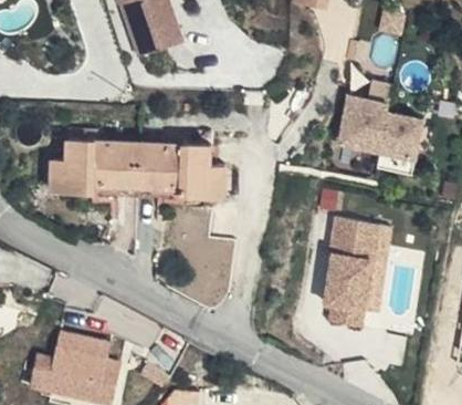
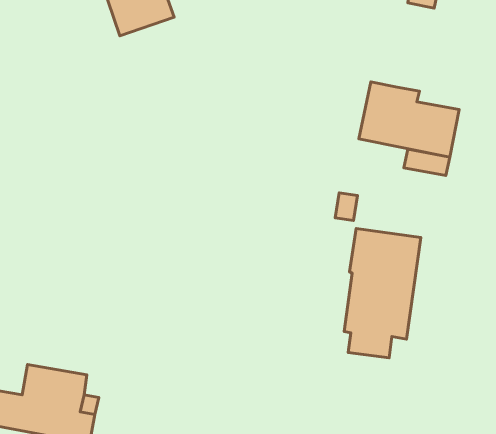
building: [49,139,208,195] -> none

